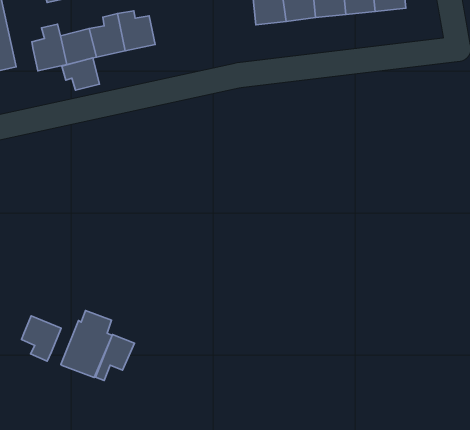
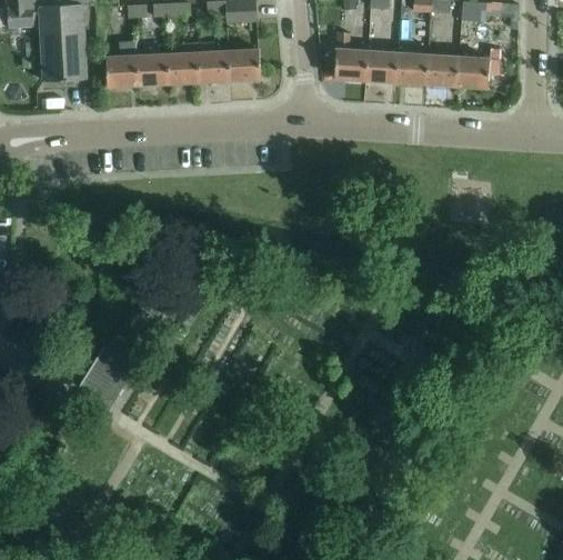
building: none -> [229,48,261,80]
building: [62,58,99,90] -> none
building: [22,316,61,361] -> none
building: [95,334,134,380] -> none

